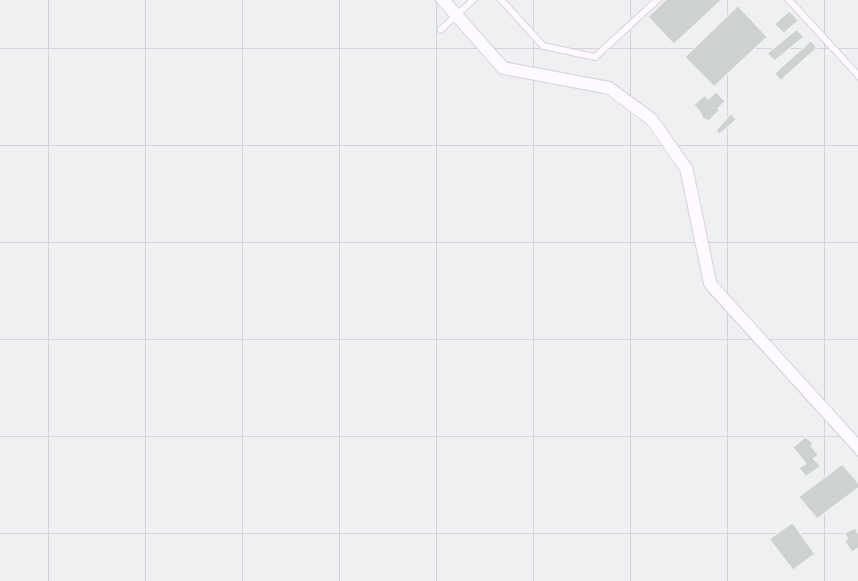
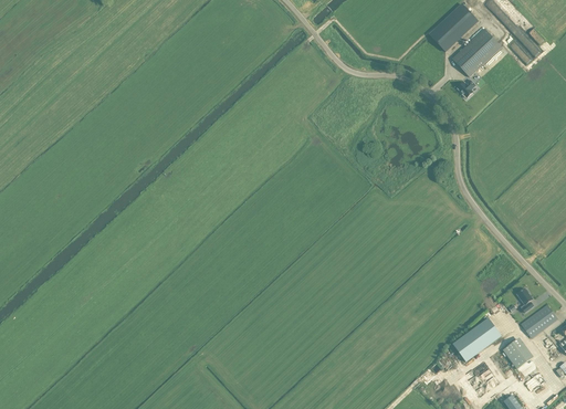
building: none -> [453,317,502,361]

